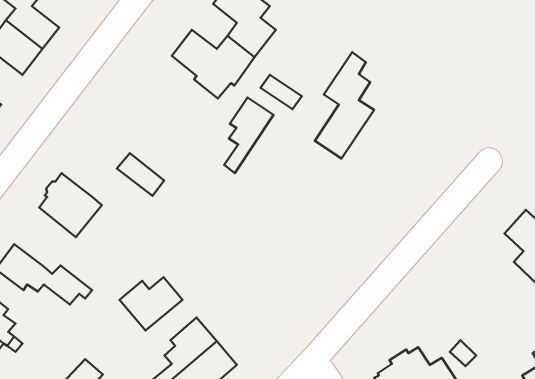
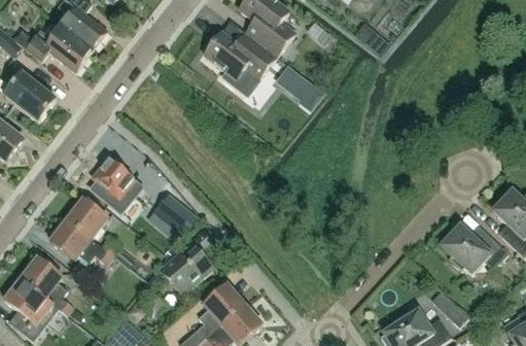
building: [315,52,374,159] -> none
building: [224,97,274,173] -> none
building: [117,153,164,196] -> [156,195,198,232]
building: none -> [67,198,108,237]
building: none -> [441,223,509,273]

